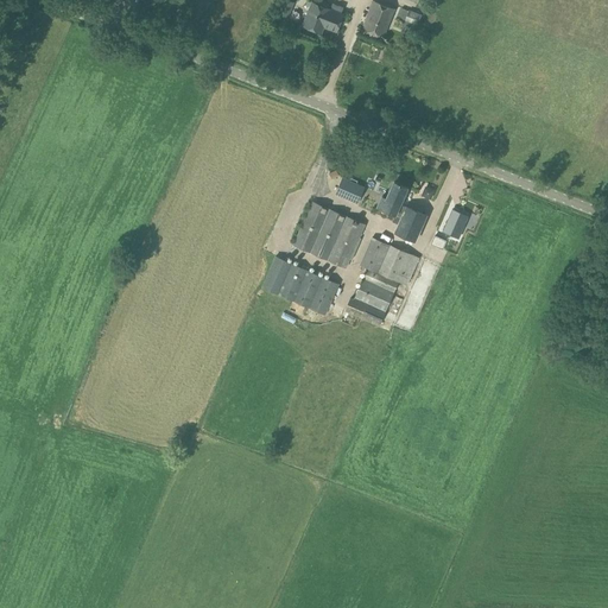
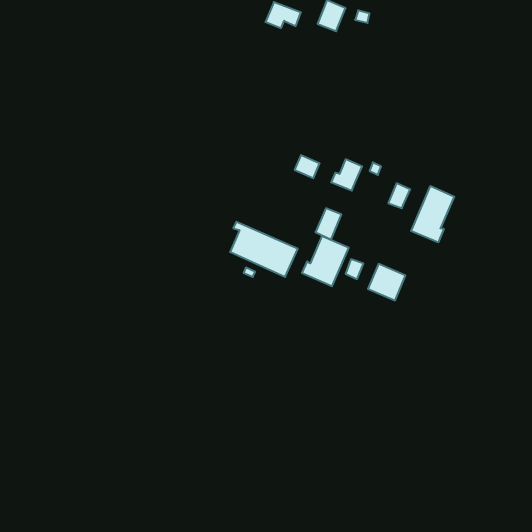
building: [293,201,366,270] -> none
building: [394,205,428,242] -> none
building: none -> [411,186,454,242]
building: [378,245,420,286] -> [368,264,405,300]

